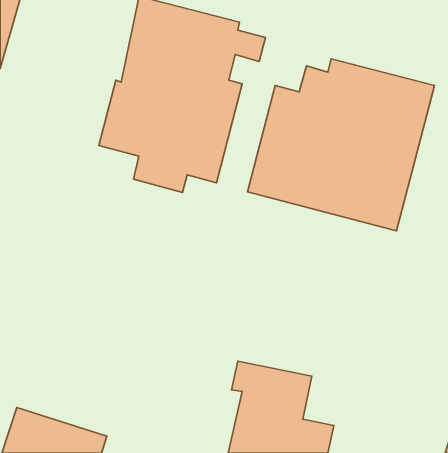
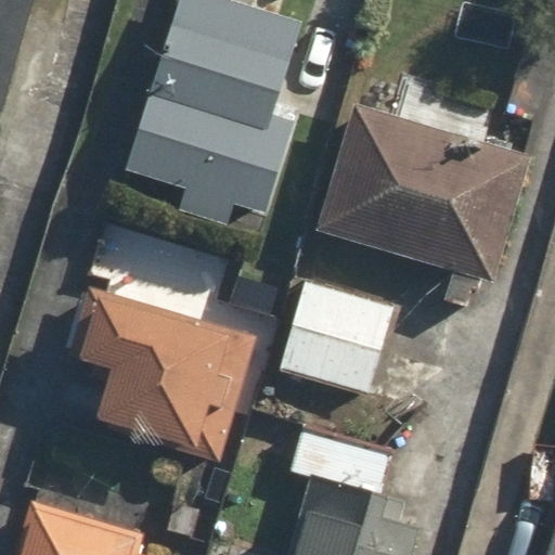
building: none -> [275,282,401,395]
building: none -> [70,292,262,466]

